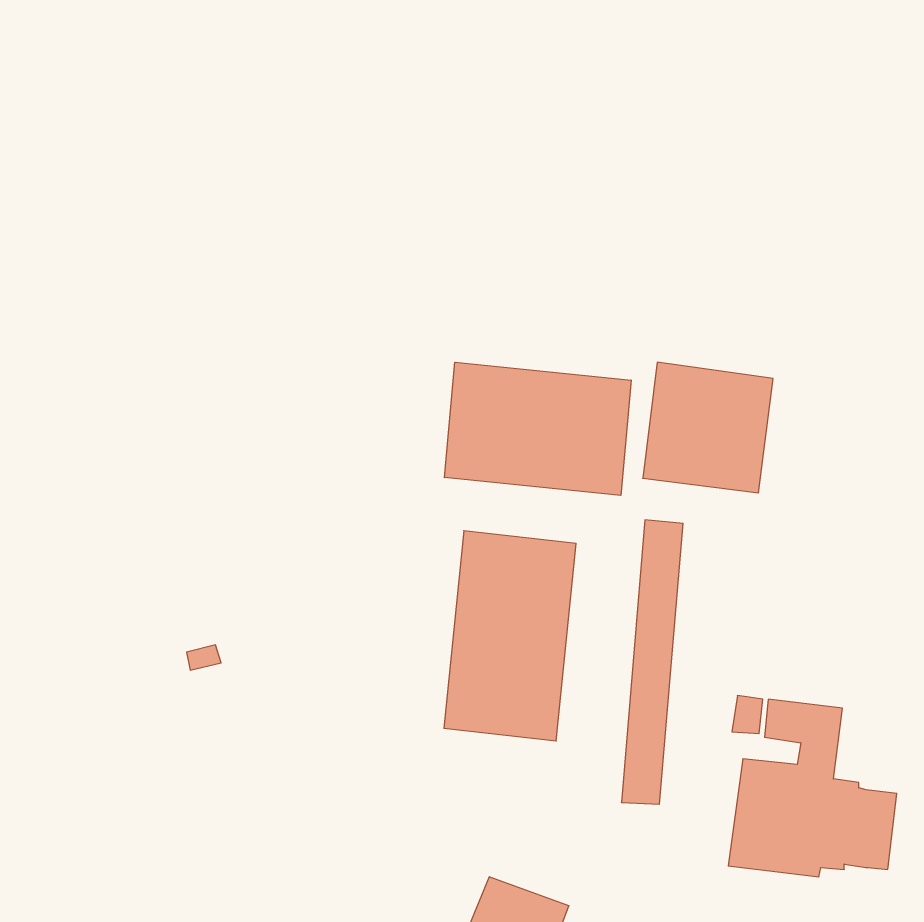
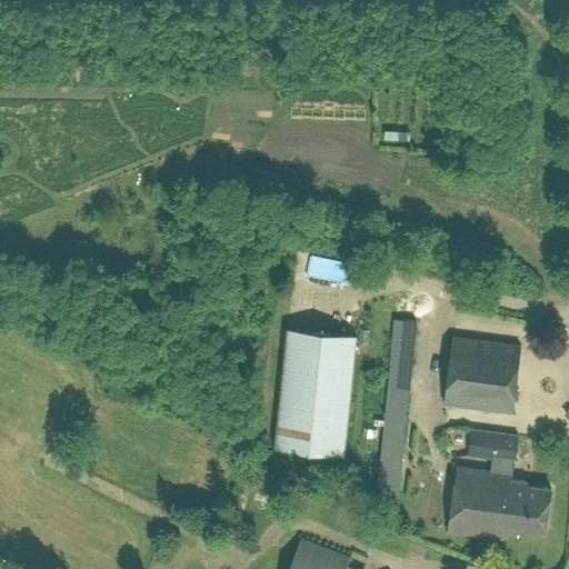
building: [643,362,773,493] -> [442,337,522,417]
building: [444,362,631,495] -> none

